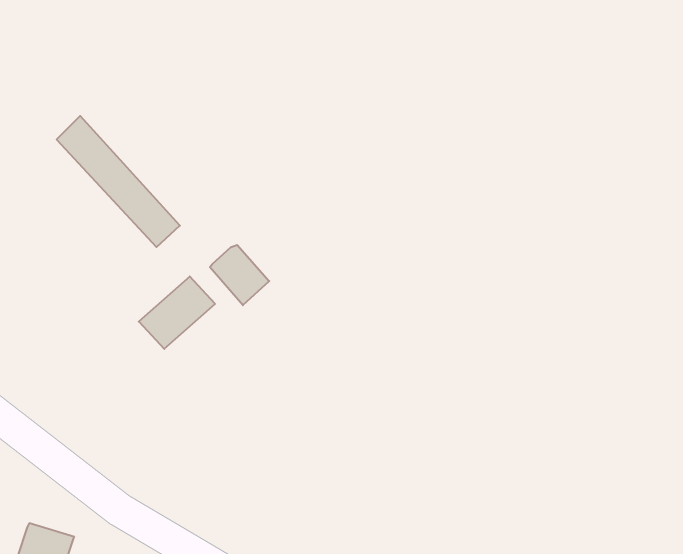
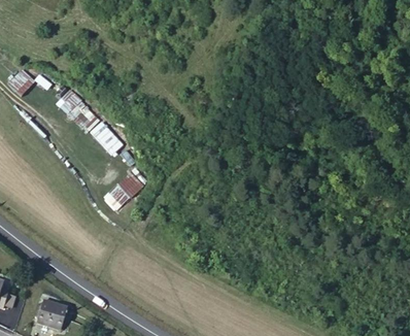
building: [210,245,269,305] -> none

